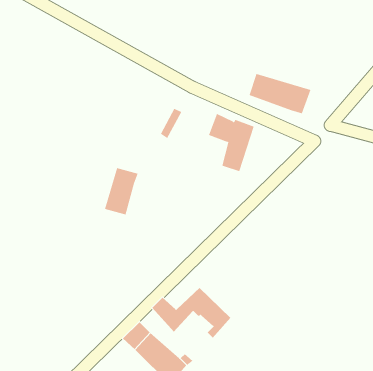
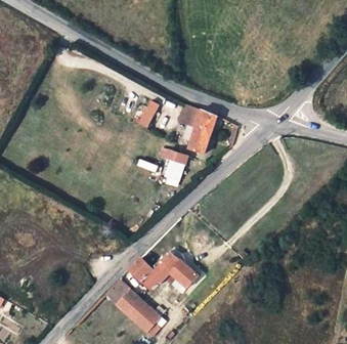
building: [249,73,311,114] -> none
building: [104,167,138,215] -> [159,152,187,191]

